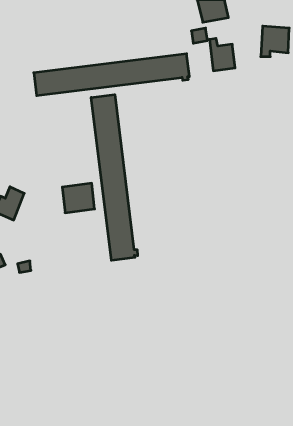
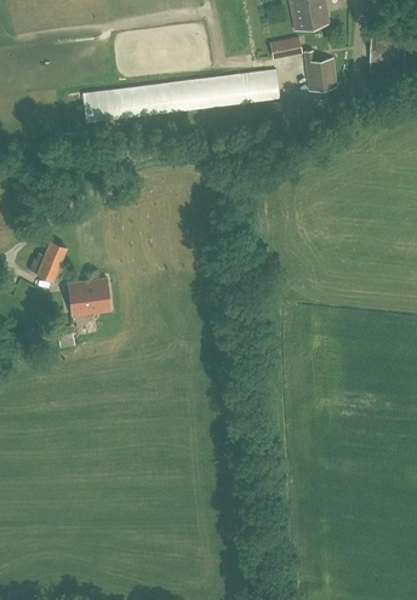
building: [91,95,138,260] -> none
building: [62,183,95,213] -> [69,278,110,315]

